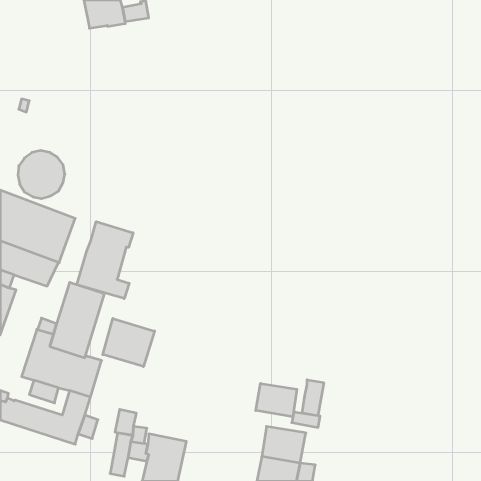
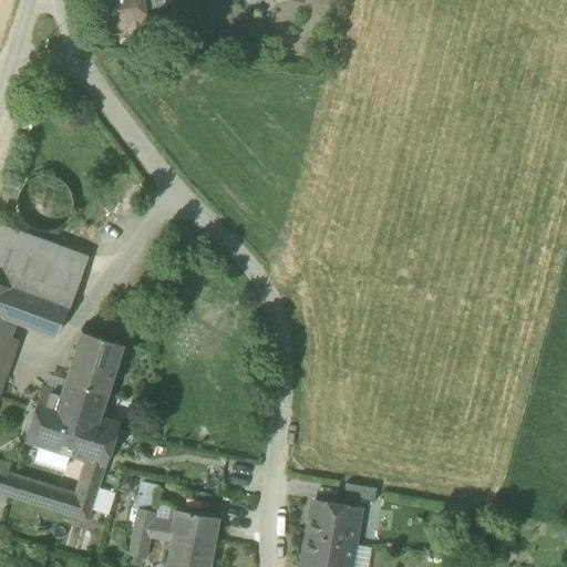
building: [77,222,133,299] -> none
building: [103,318,155,367] -> none
building: [302,380,324,416] -> none
building: [256,383,297,417] -> none

